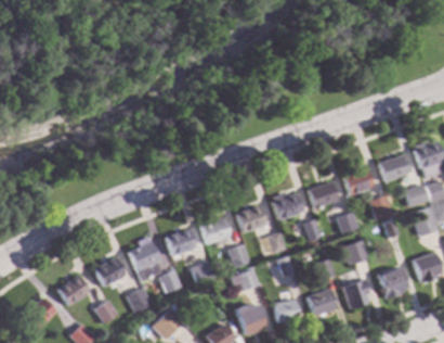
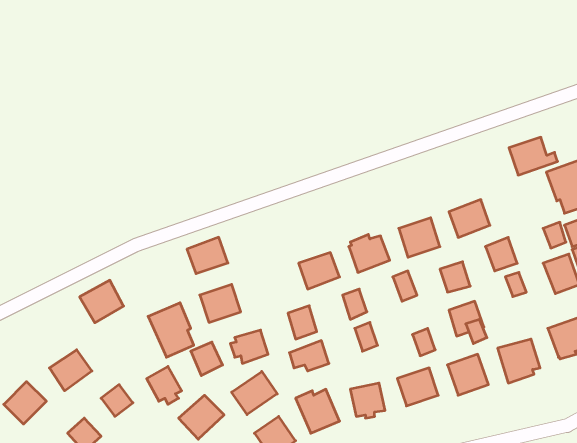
building: [379,154,414,181] -> [509,137,558,175]
building: [201,217,231,243] -> [187,237,228,274]
building: [95,256,127,287] -> [80,280,124,323]
building: none -> [232,371,277,415]

